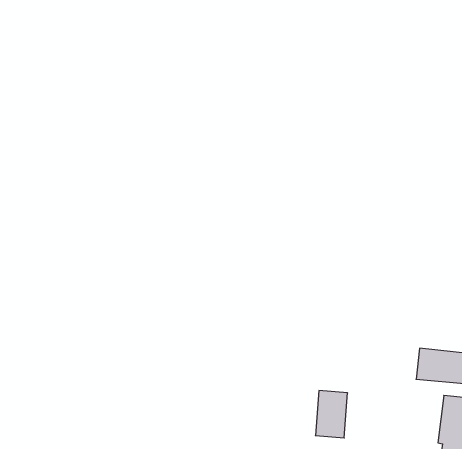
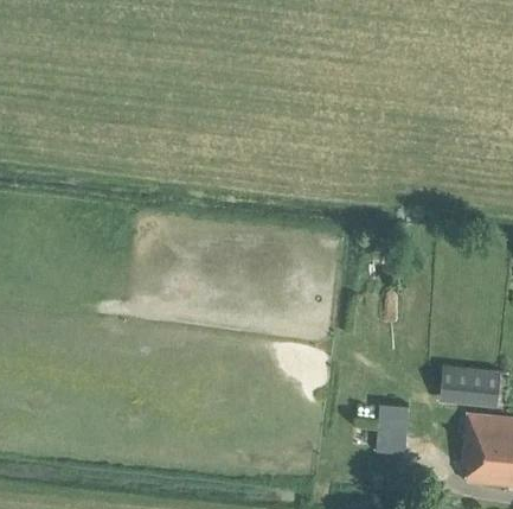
building: [315,391,348,438] -> [376,405,409,453]

